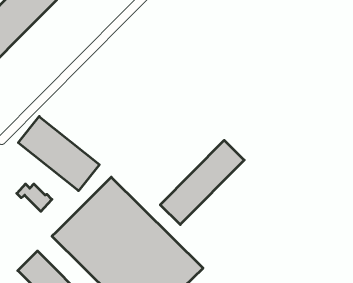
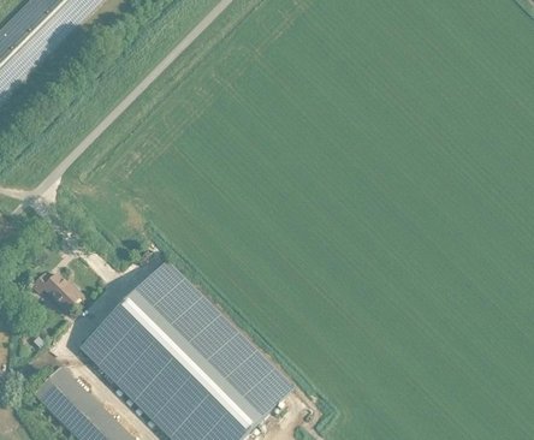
building: [18,116,99,191] -> none
building: [160,140,244,225] -> none

